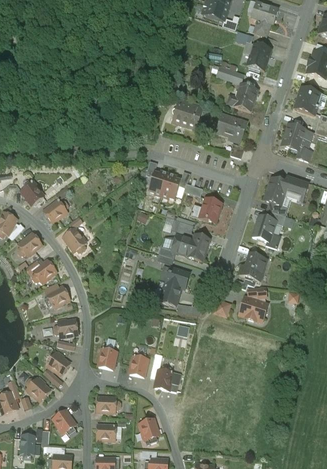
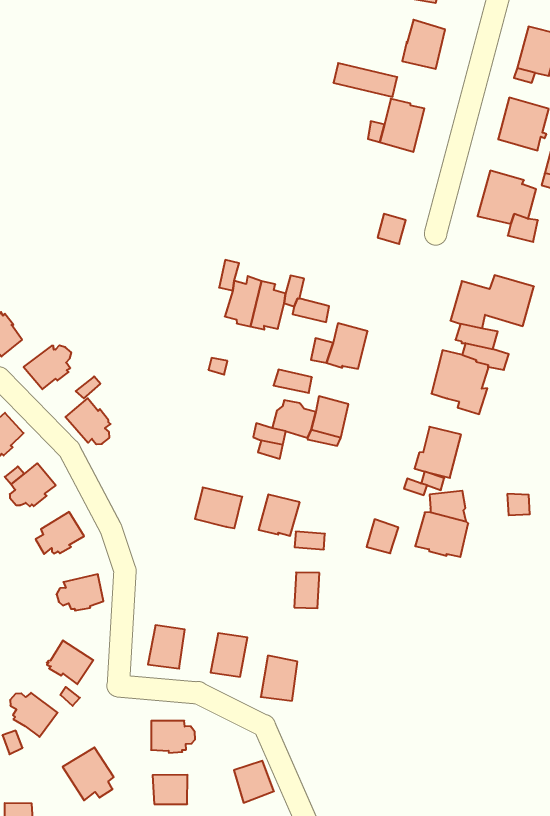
building: [172,101,202,128] -> none
building: [216,114,246,142] -> none
building: [165,267,190,289] -> [195,487,242,528]

